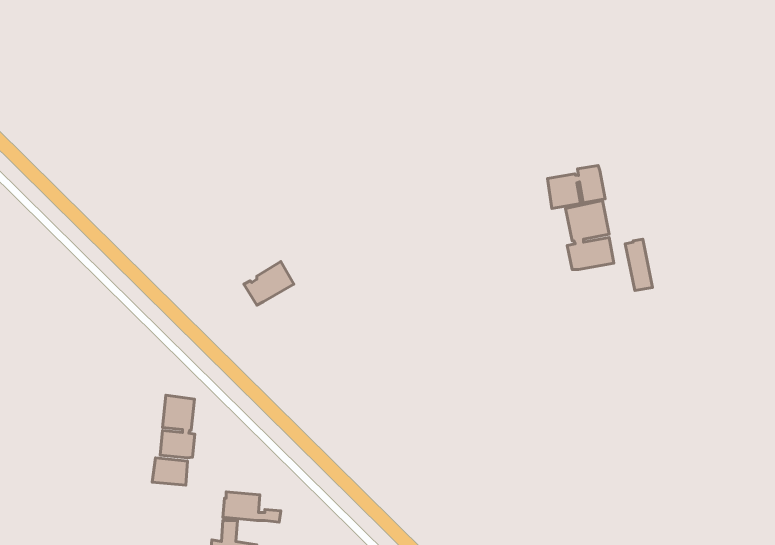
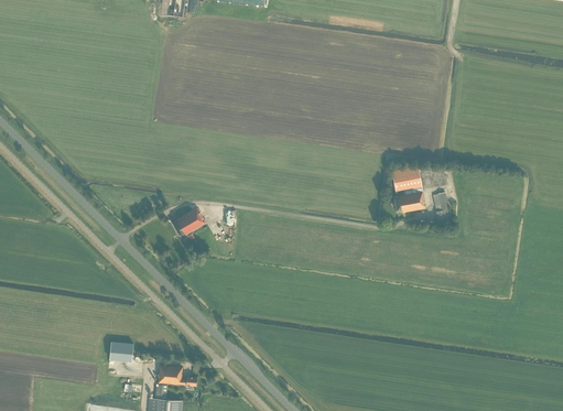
building: [547,166,605,209] -> none
building: [160,395,195,458] -> none

